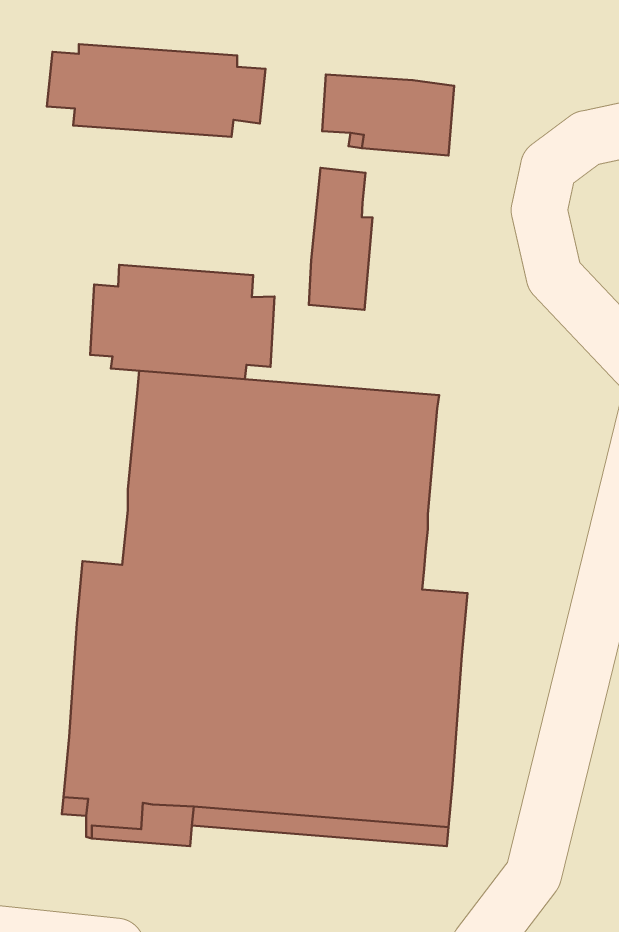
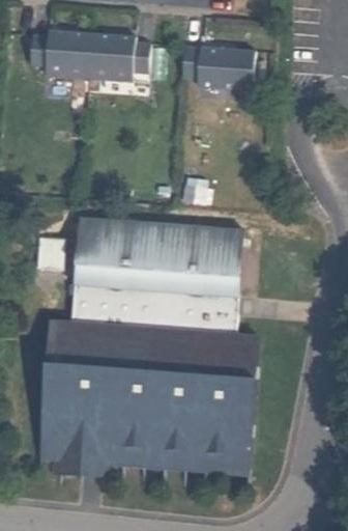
building: [309,168,373,310] -> none
building: [90,265,275,379] -> none

